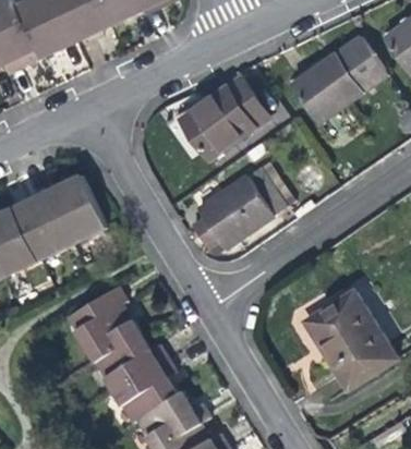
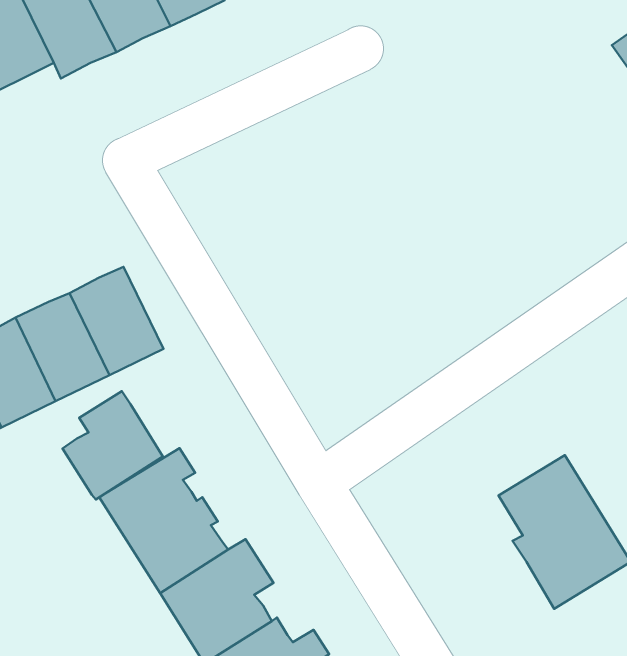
building: [294,35,389,121] -> none
building: [181,76,268,158] -> none
building: [201,166,290,246] -> none
building: none -> [62,391,163,499]

